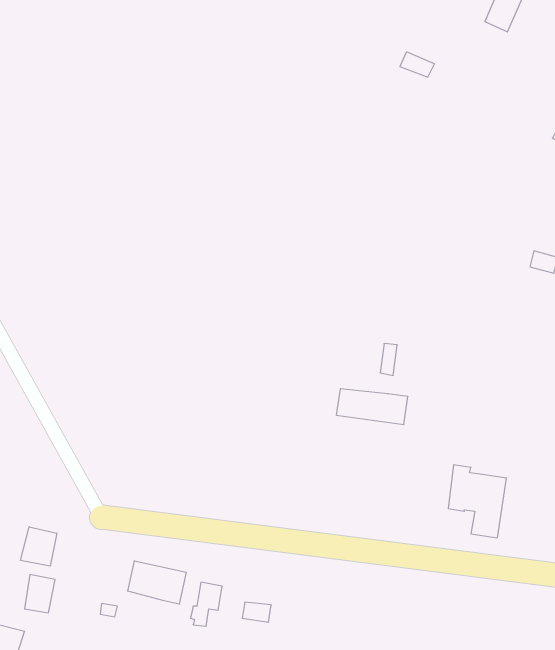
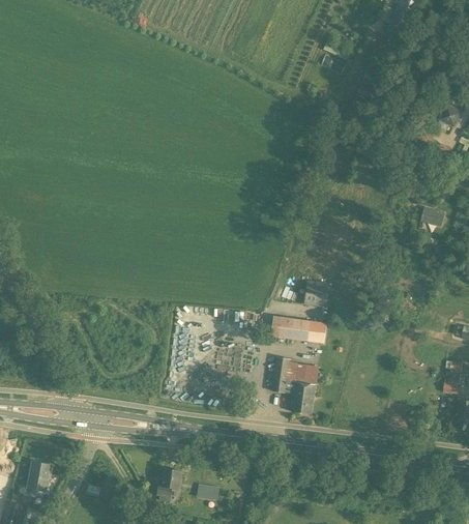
building: [448,465,507,538] -> [273,356,319,413]
building: [21,527,57,566] -> none
building: [128,561,186,604] -> none

